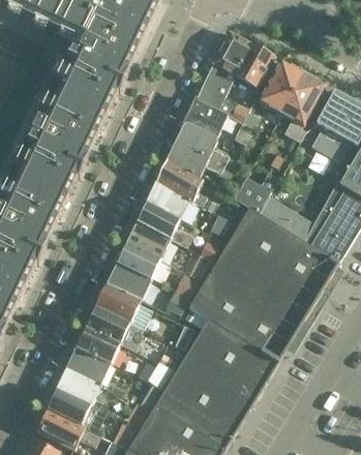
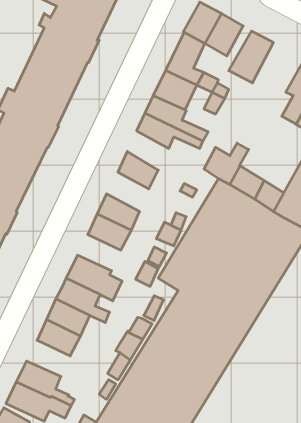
building: [281,72,324,142] -> none
building: [156,160,205,207] -> none
building: [136,202,191,247] -> none
building: [107,264,150,300] -> none
building: [56,369,99,405] -> none

